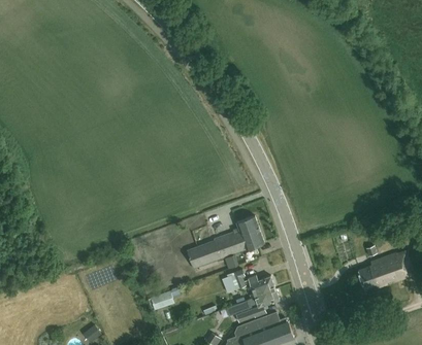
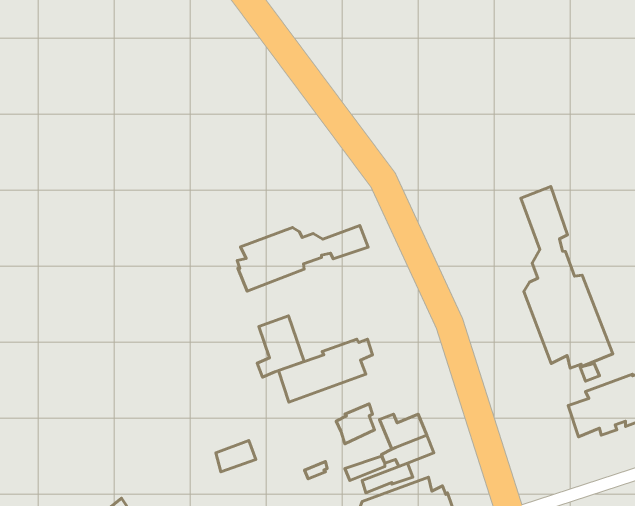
building: none -> [521,187,613,368]
building: none -> [237,225,368,291]
building: [236,216,264,252] -> [257,316,304,377]

